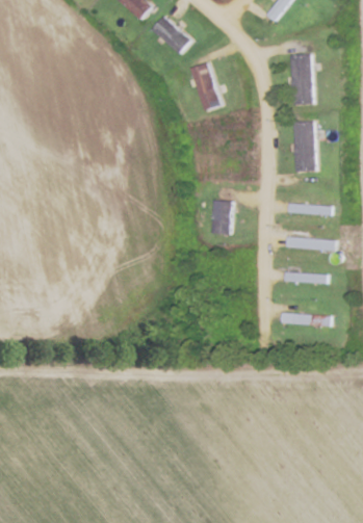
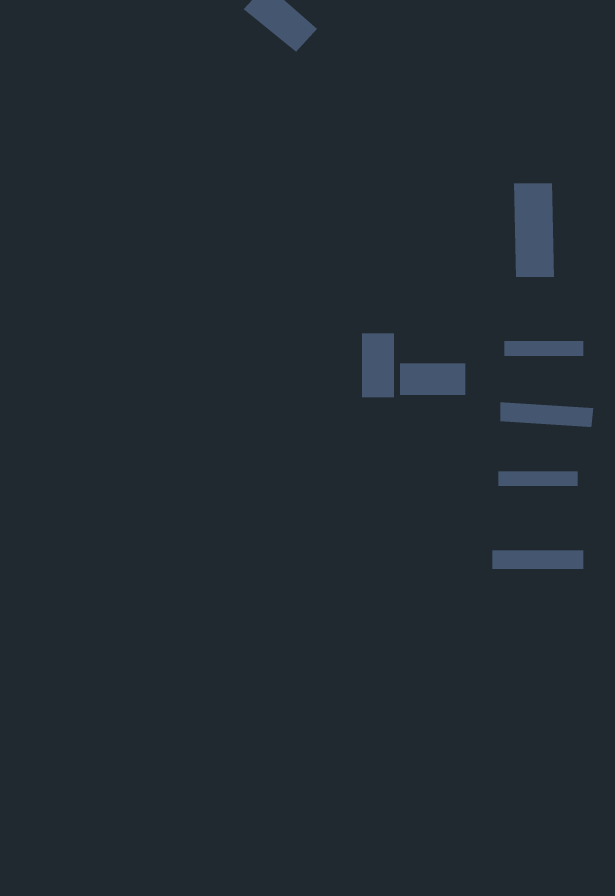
building: [290,53,310,103] -> none
building: [189,61,221,109] -> none
building: none -> [399,363,466,396]

